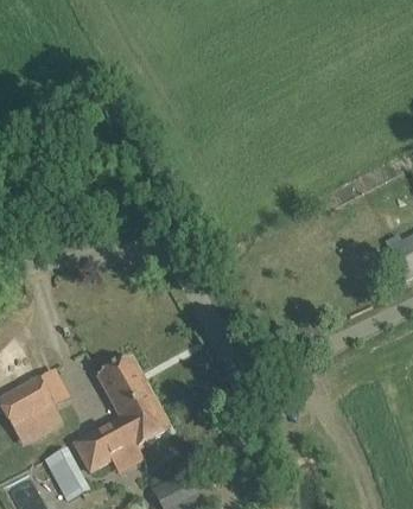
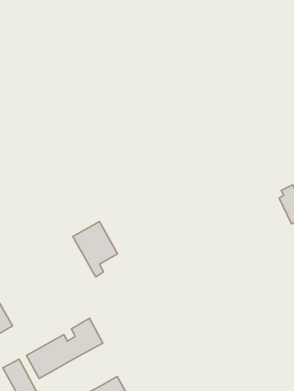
building: [97,357,153,426] -> [73,221,118,277]

